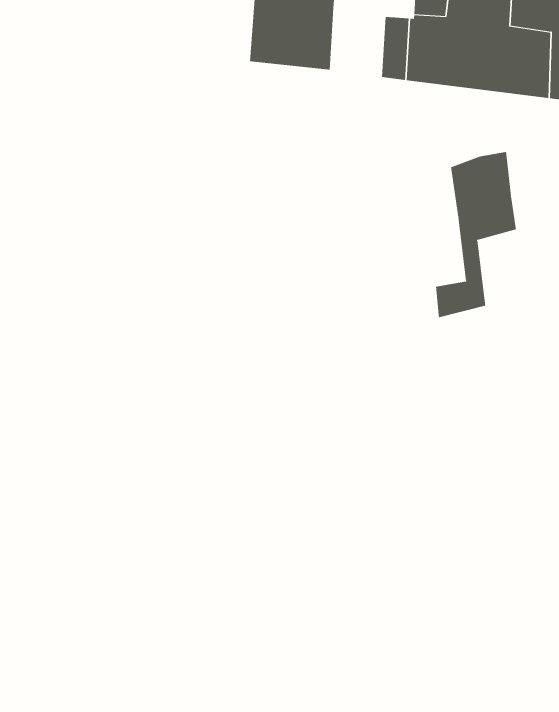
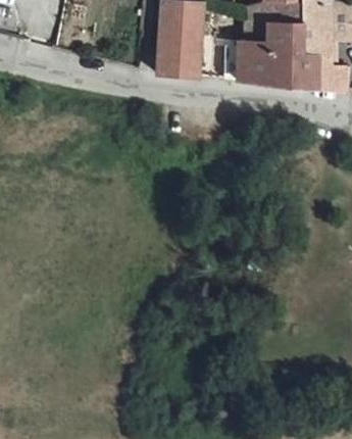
building: [435,151,516,318] -> none

